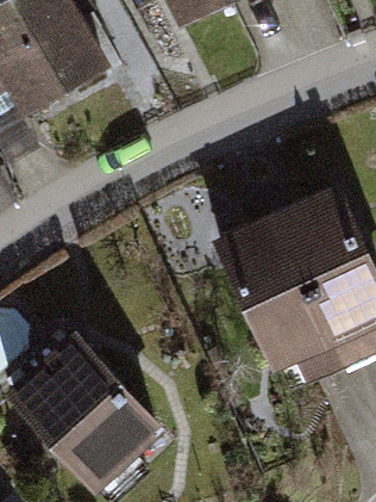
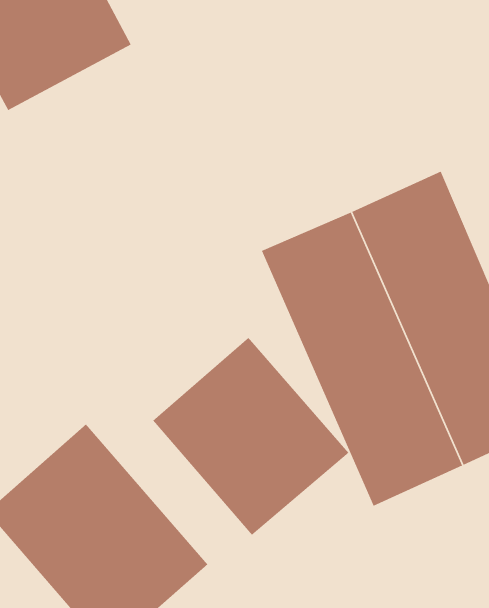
building: none -> [152,337,350,536]

